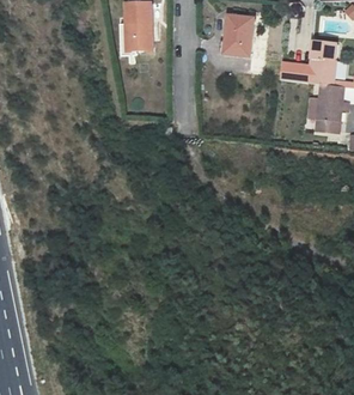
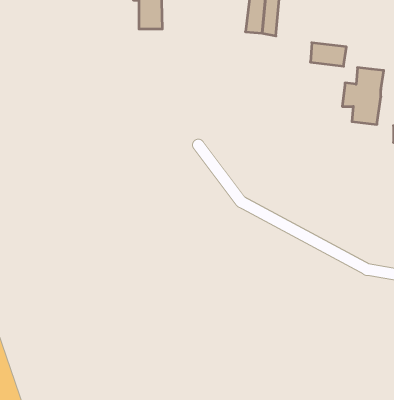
building: [309,42,336,85] -> none

